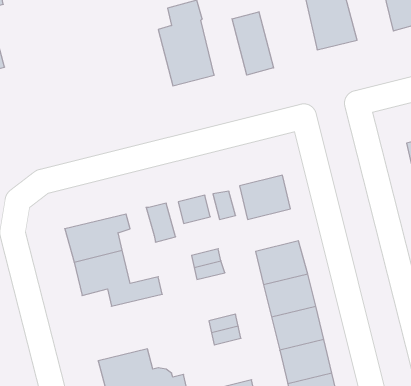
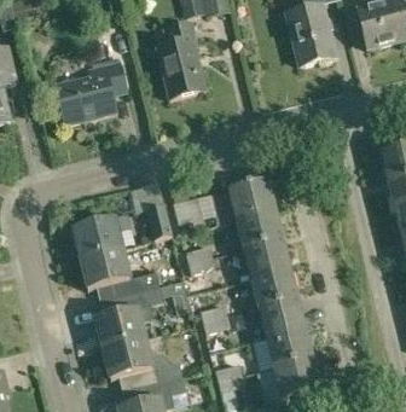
building: [232,12,274,75] -> none
building: none -> [53,62,127,126]
building: none -> [237,210,283,249]
building: none -> [94,288,163,348]

